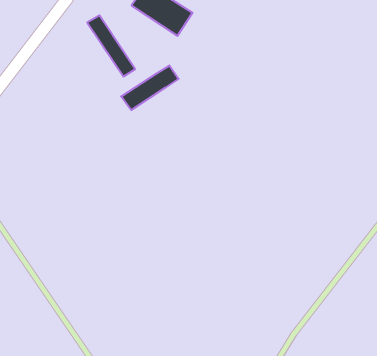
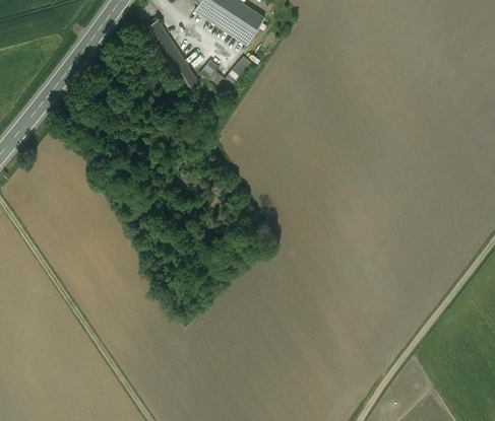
building: [121,65,179,110] -> none

